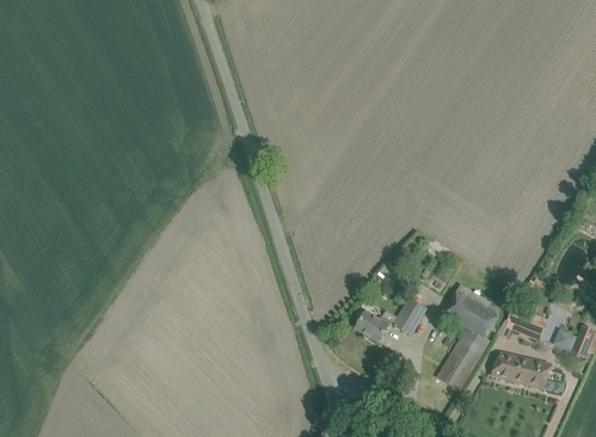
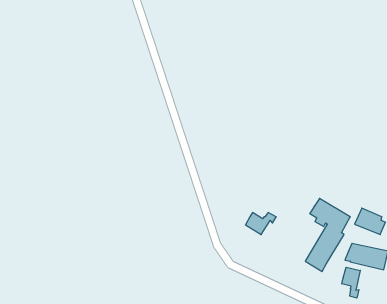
building: [393,297,425,334] -> none
building: none -> [342,267,360,298]

